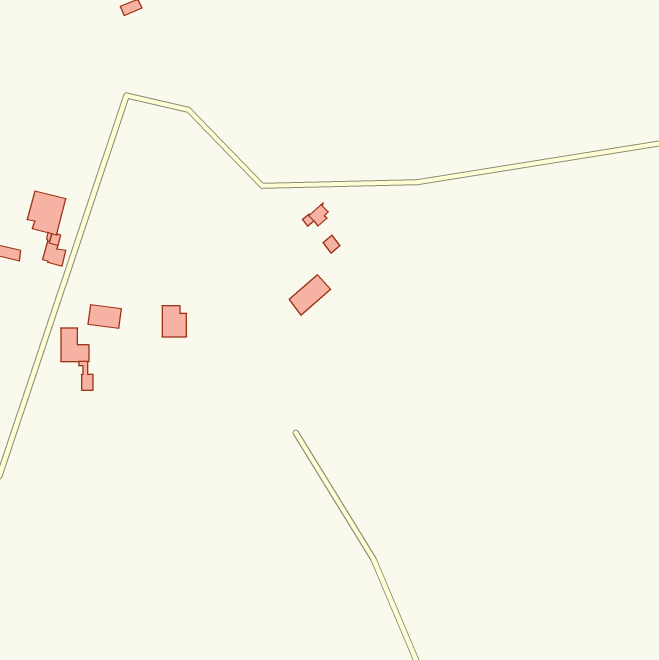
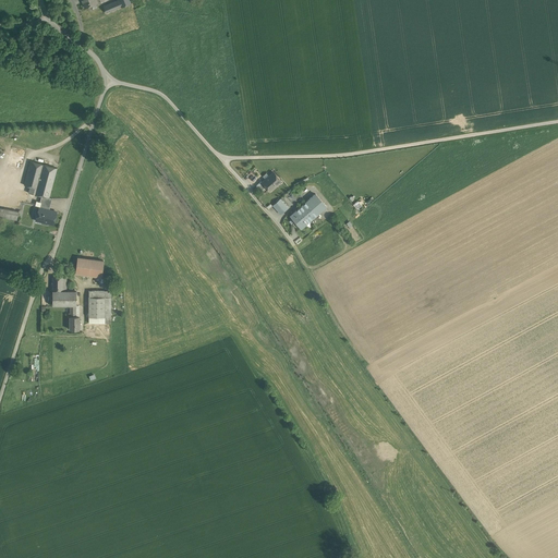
building: [289,275,331,315] -> [290,194,325,228]
building: [162,306,187,337] -> [88,291,109,317]

